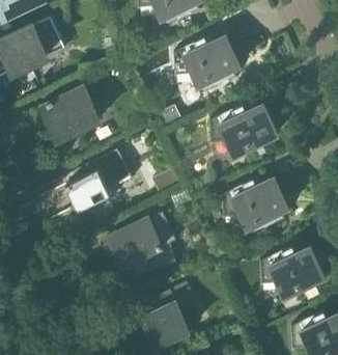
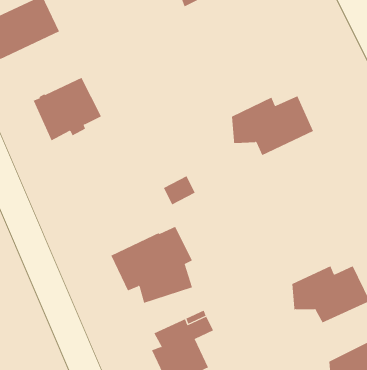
building: [173,38,240,97] -> none
building: [66,153,131,210] -> none
building: [221,181,288,240] -> none

